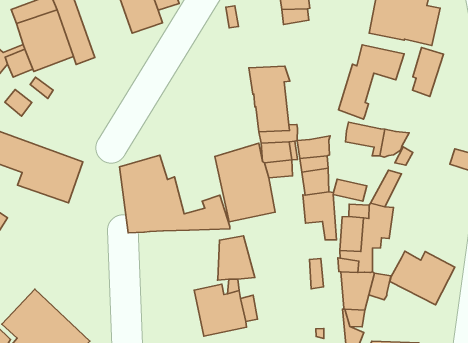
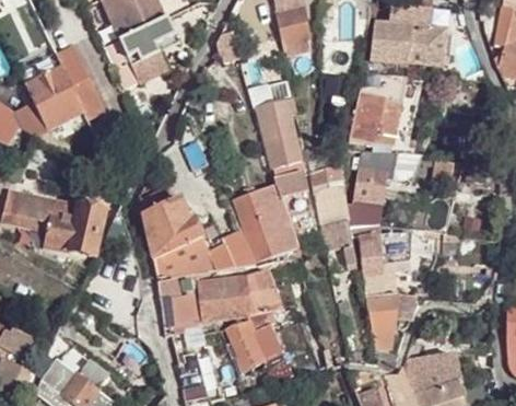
building: [413,47,443,97] -> [374,97,401,144]
building: none -> [354,167,387,201]
building: none -> [156,276,199,327]
building: none -> [199,276,248,318]
building: [390,251,455,305] -> none

